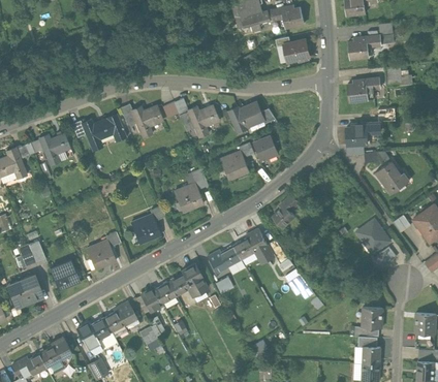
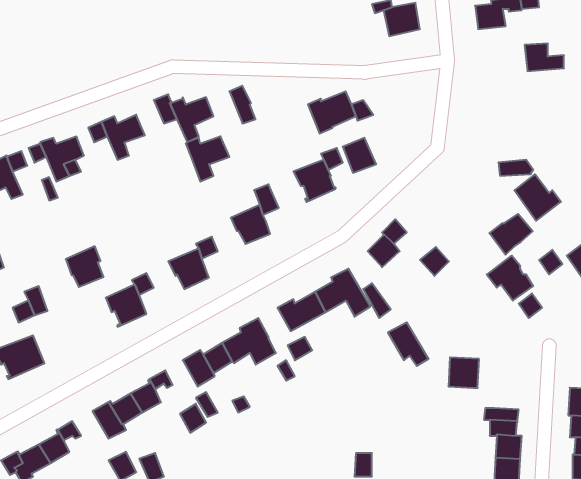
building: [347,77,380,101] -> none
building: [188,106,219,138] -> [186,136,229,182]
building: [346,123,380,146] -> none
building: none -> [489,214,533,255]
building: [51,260,77,289] -> [66,246,104,287]
building: [362,307,383,328] -> [448,357,479,388]

